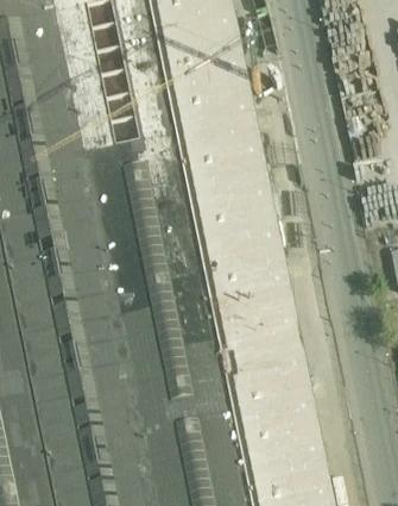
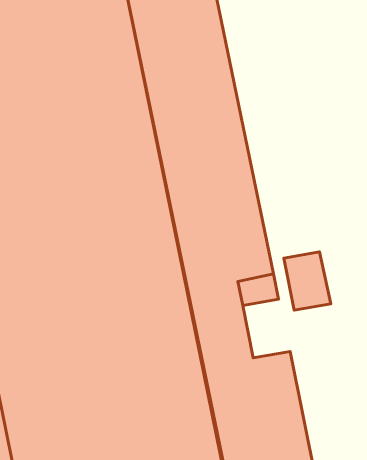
building: [263,320,307,375] -> [284,252,331,310]

